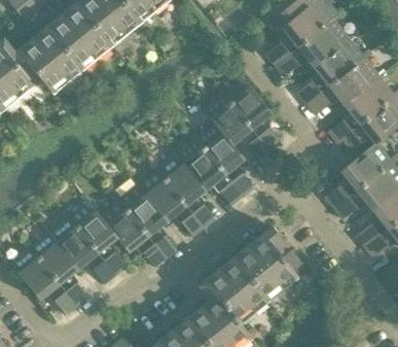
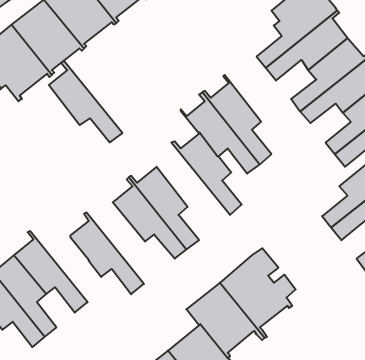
building: [177,132,243,205] -> [49,61,122,142]
building: [114,185,176,258] -> none
building: [64,195,125,275] -> none

